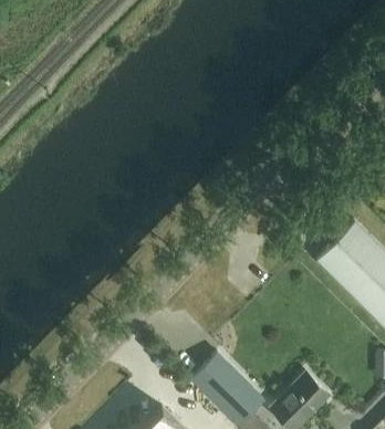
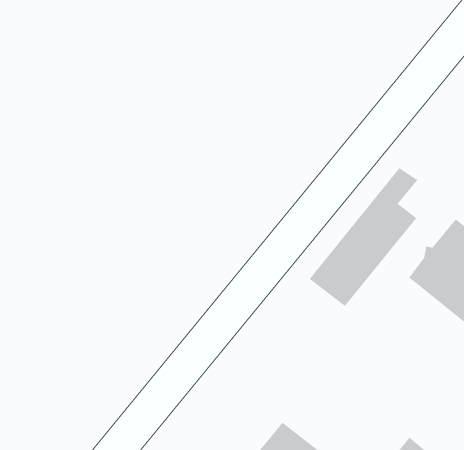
building: none -> [309,167,418,307]

